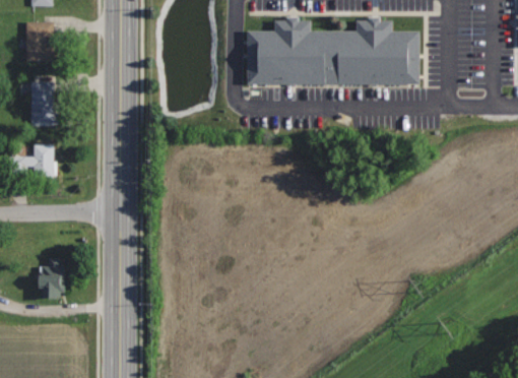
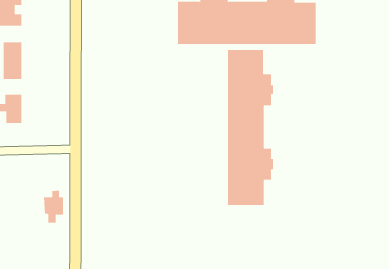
building: none -> [227,49,273,206]
building: [41,257,66,298] -> [43,190,64,223]

